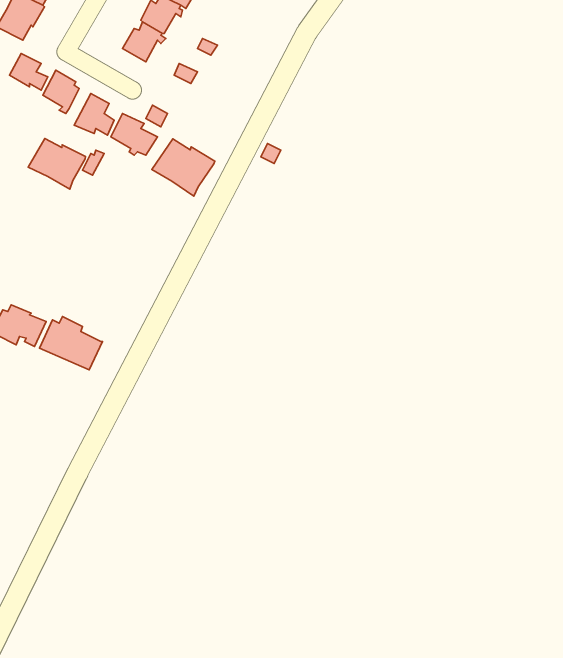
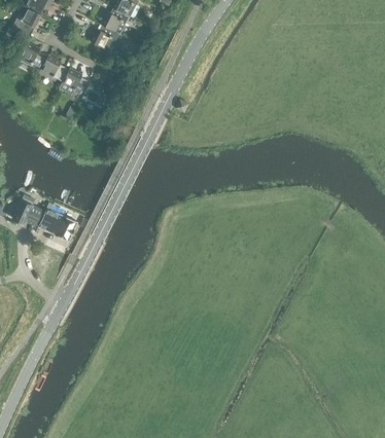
building: [28,139,86,189] -> none
building: [152,139,215,196] -> none

